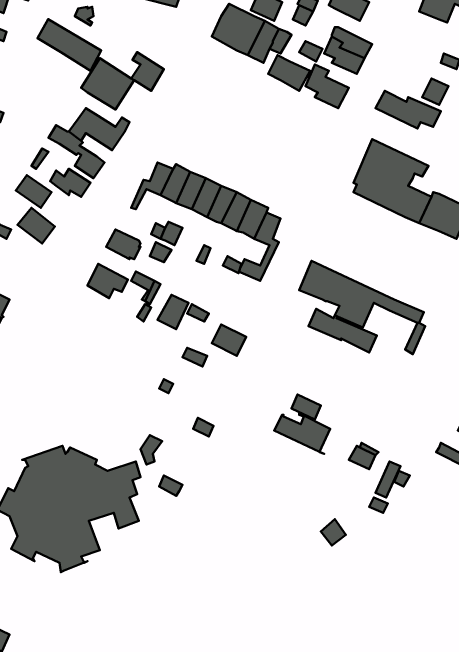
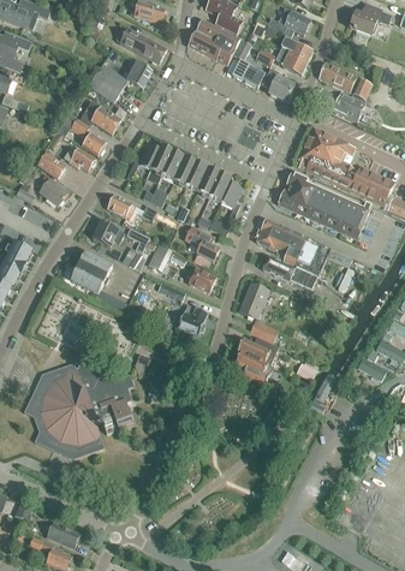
building: [37,19,101,71] -> [118,25,167,65]
building: none -> [317,63,356,91]
building: none -> [278,169,370,238]
building: none -> [185,225,219,264]
building: none -> [71,252,125,309]
building: none -> [239,282,268,320]
building: none -> [177,304,207,335]
building: none -> [234,350,275,387]

